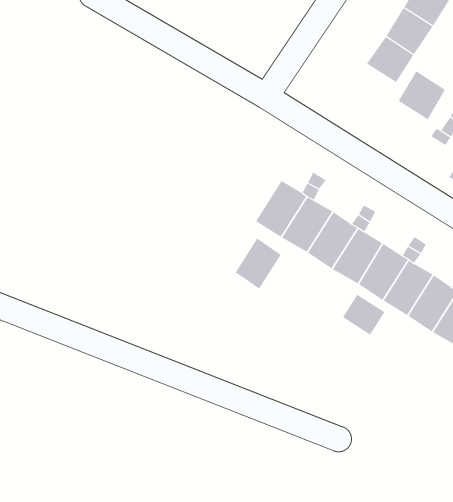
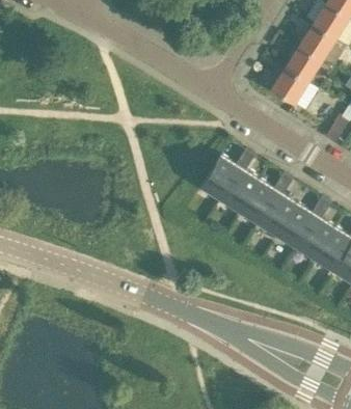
building: [398,71,446,120] -> [270,69,306,106]
building: [235,238,282,290] -> none
building: [342,294,385,335] -> none

